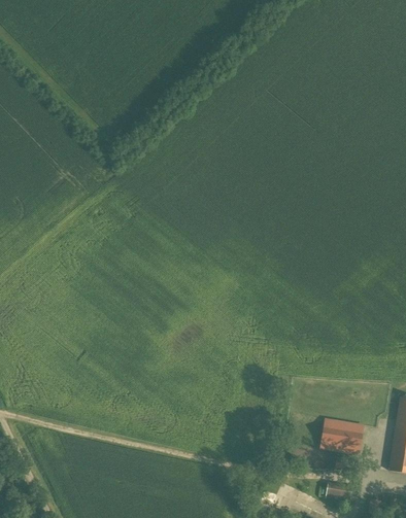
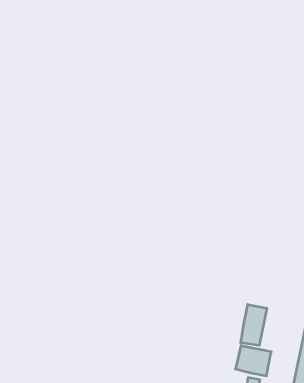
building: none -> [241,304,267,345]

